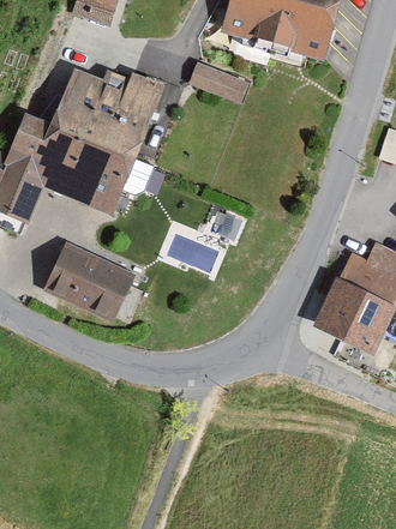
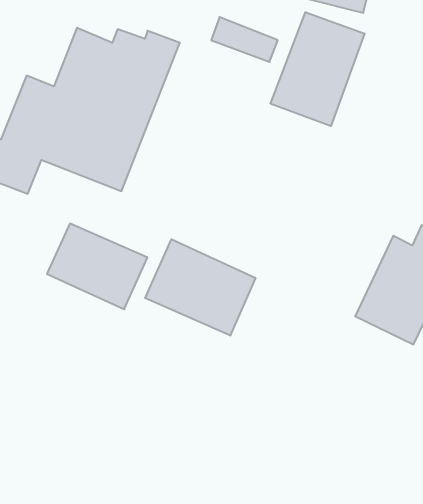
building: none -> [271,12,365,126]
building: none -> [145,239,255,336]

